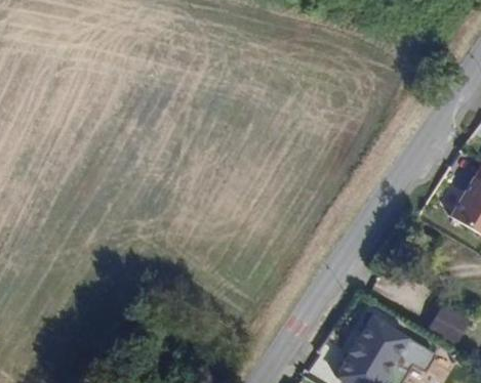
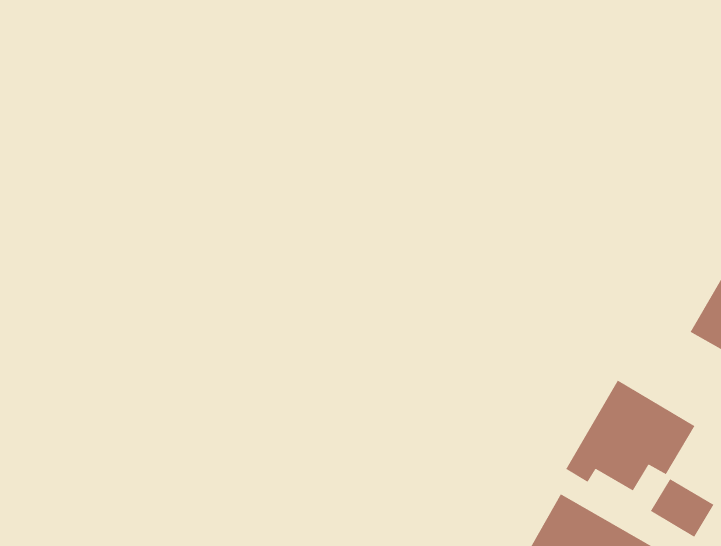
building: none -> [565,380,696,491]

